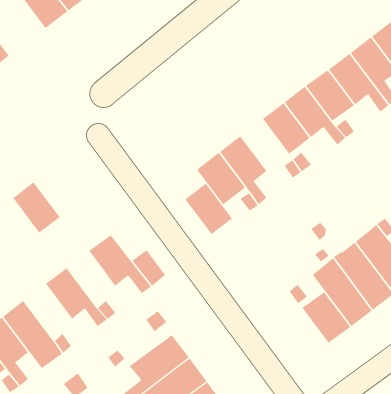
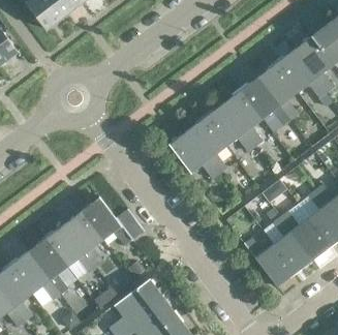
building: [12,182,61,234] -> [63,211,102,253]
building: [185,183,233,235] -> [205,103,244,146]
building: none -> [28,238,67,280]

